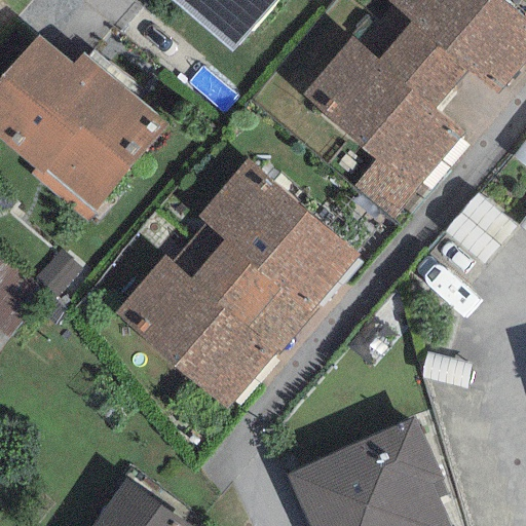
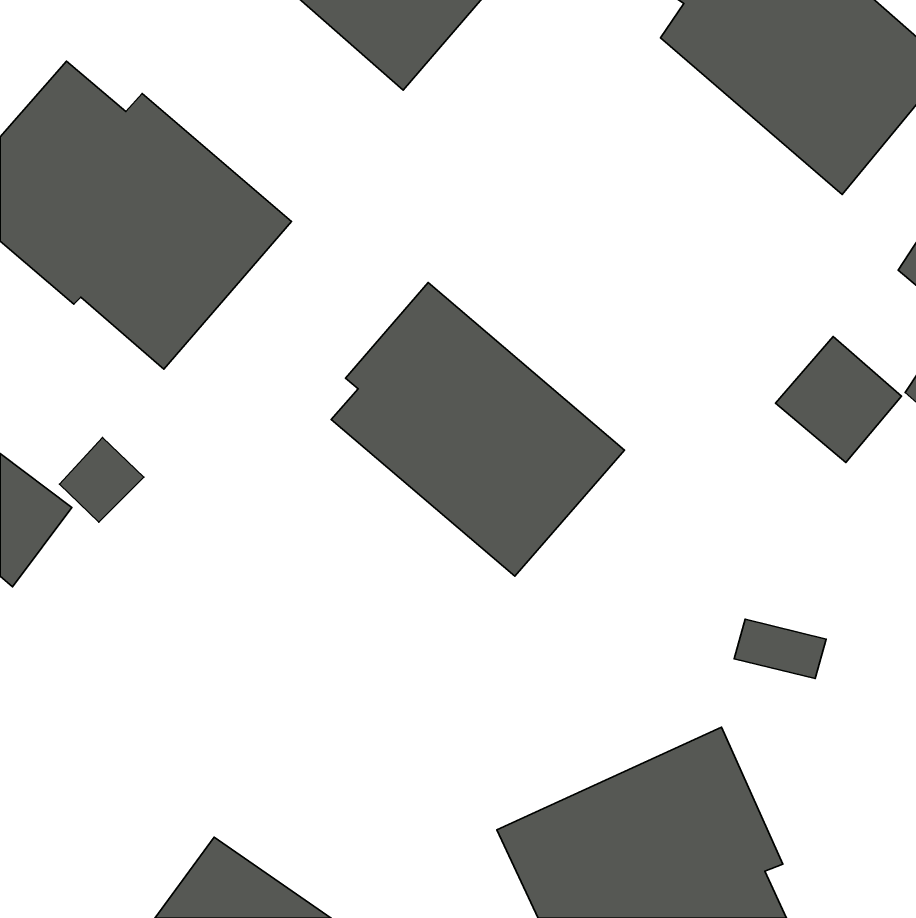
building: [302,22,483,220] -> none
building: [115,239,296,408] -> none

